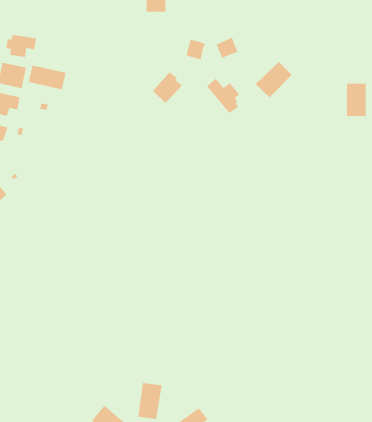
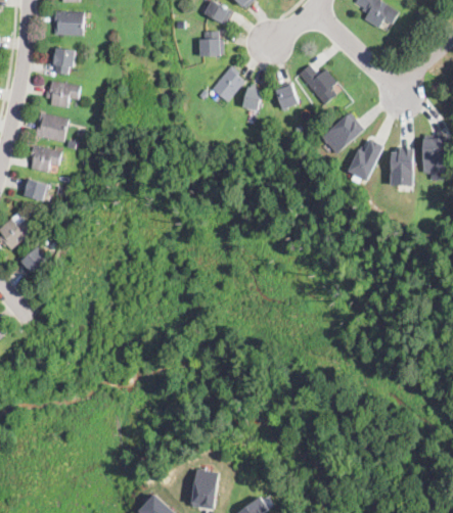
building: none -> [50,50,76,74]
building: [28,65,66,90] -> none
building: [152,72,183,104] -> [211,66,244,102]
building: [206,78,240,114] -> [298,64,335,104]
building: none -> [348,135,382,179]
building: none -> [390,146,411,184]

